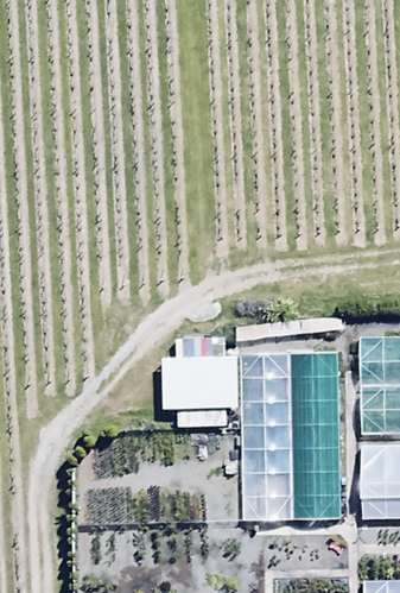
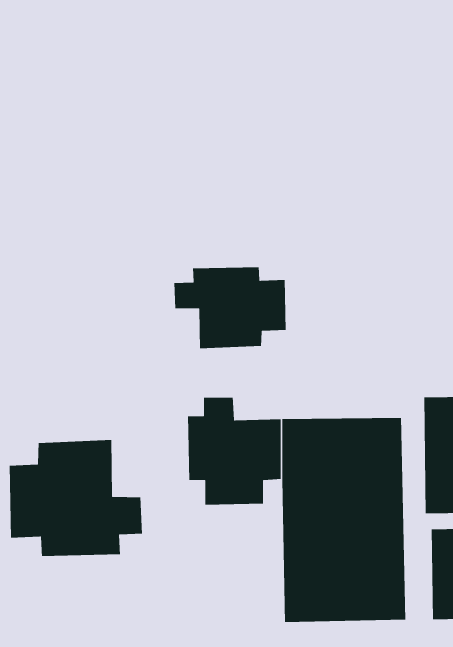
building: none -> [173,266,286,349]
building: none -> [9,439,143,557]

